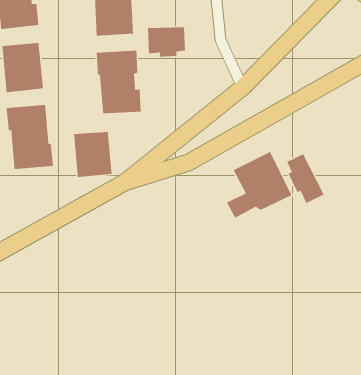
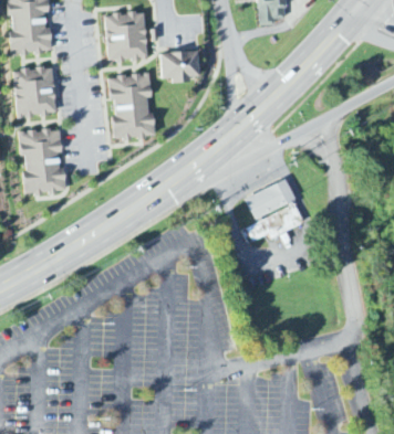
building: [73,131,112,178] -> none
building: [286,153,325,204] -> none

